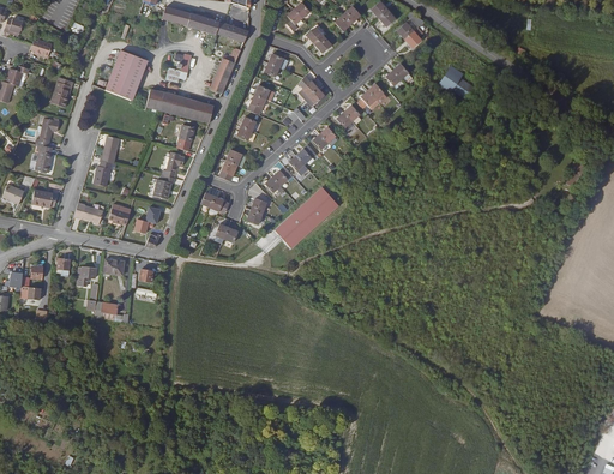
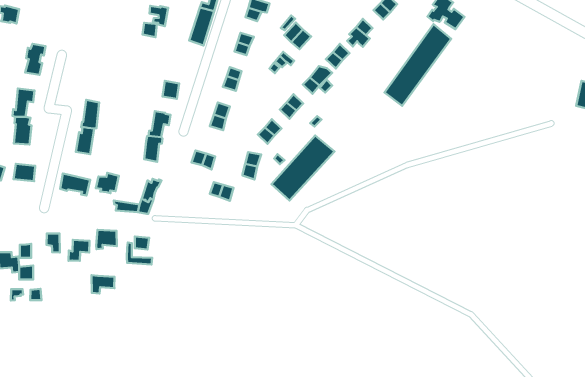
building: [104,49,148,100] -> none
building: [145,88,213,122] -> none
building: none -> [384,24,451,106]

